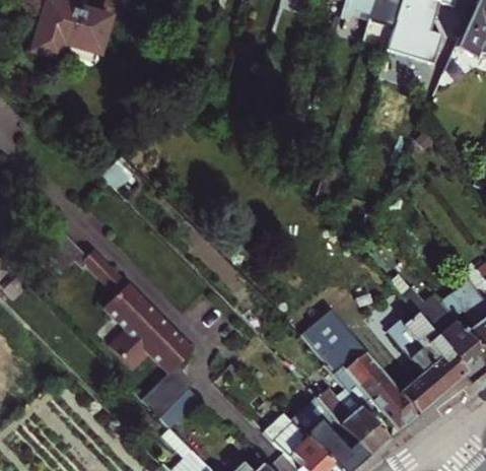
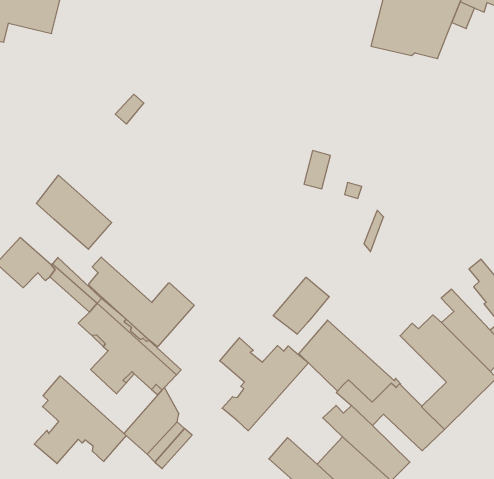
building: none -> [36,175,112,249]
building: none -> [89,257,194,347]
building: none -> [273,277,329,334]
building: none -> [220,338,308,431]
building: none -> [34,376,126,464]

